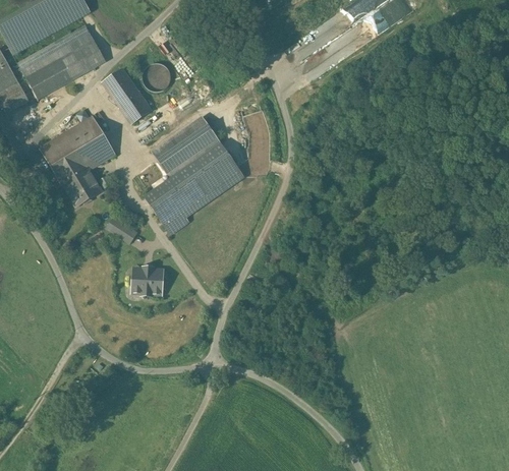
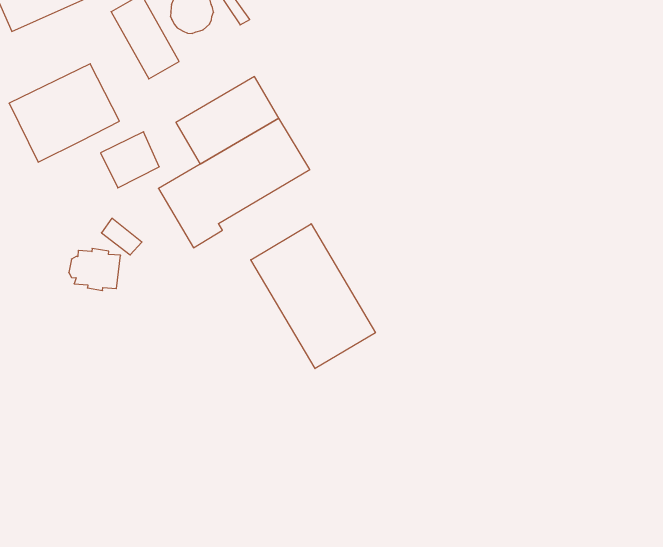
building: [63,168,103,207] -> [101,132,159,188]
building: none -> [251,224,375,369]
building: [129,267,163,294] -> [69,248,121,291]

